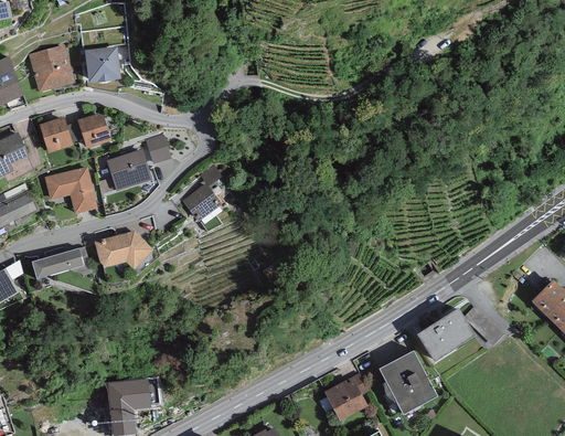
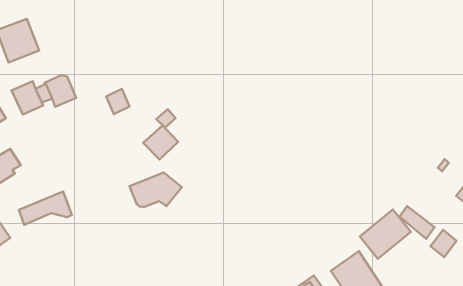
building: [83,46,119,83] -> none
building: [105,149,151,191] -> none
building: [43,167,96,214] -> none
building: [93,231,152,269] -> [129,173,182,207]
building: none -> [431,230,457,257]

